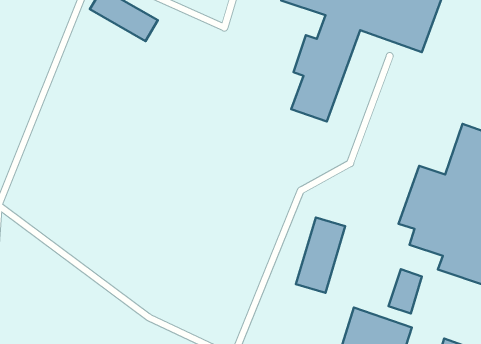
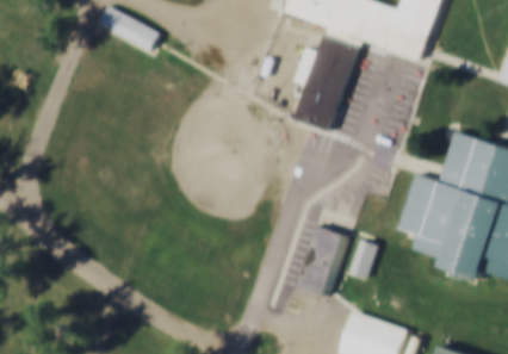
building: [388,269,422,314] -> [347,238,379,281]

